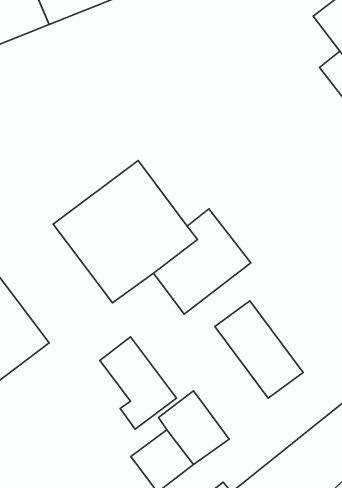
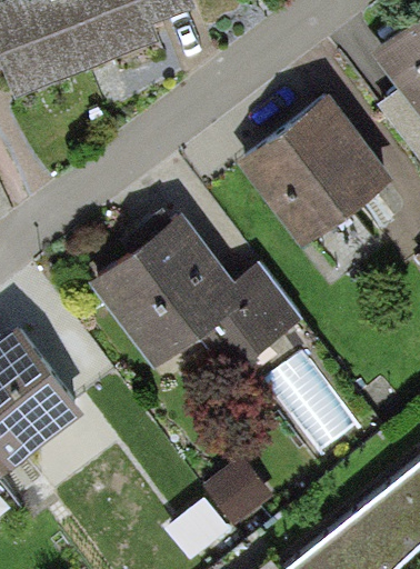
building: none -> [238,93,396,248]
building: [100,337,177,429] -> none

